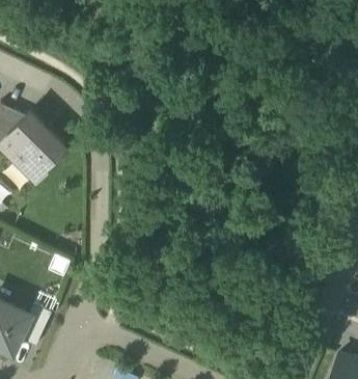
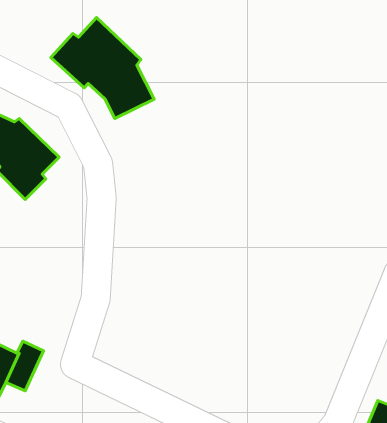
building: none -> [51,18,154,118]

